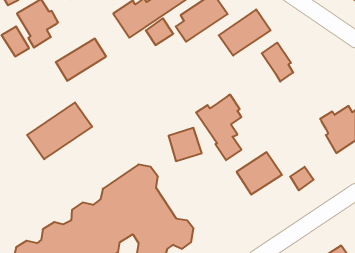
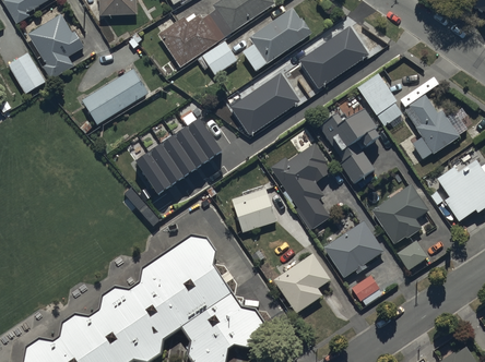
building: none -> [230,74,300,136]
building: none -> [407,93,466,158]
building: none -> [318,107,379,184]
building: [27,102,92,159] -> [135,119,223,195]
building: none -> [370,182,427,245]
building: none -> [272,251,331,311]
building: none -> [351,274,380,302]

